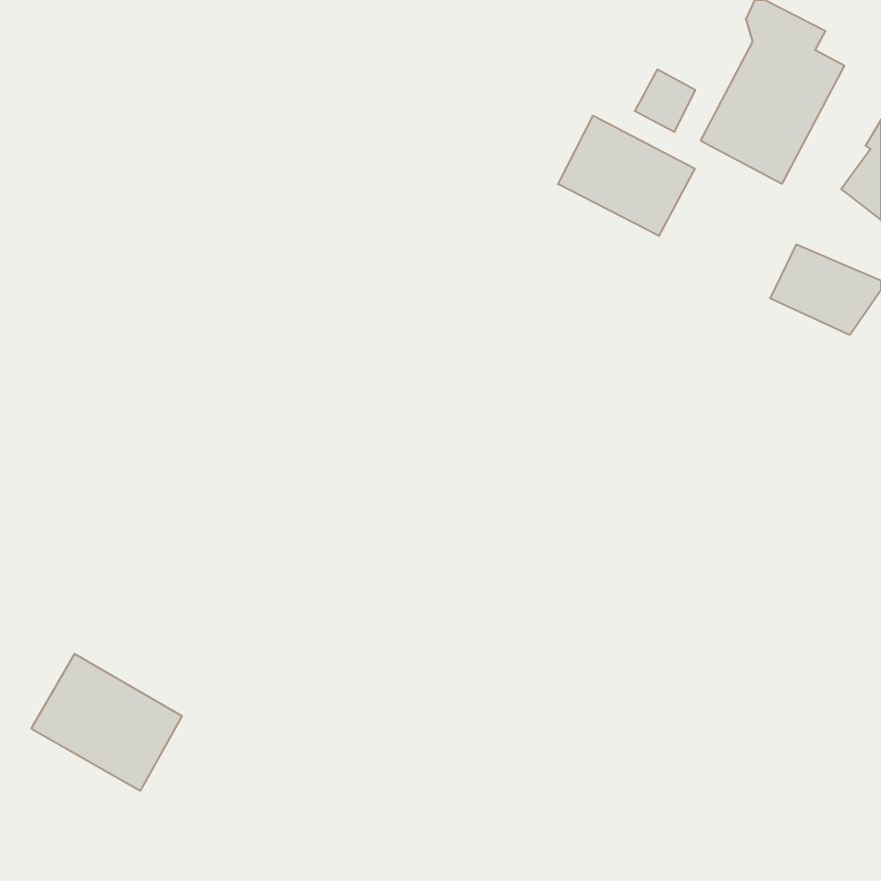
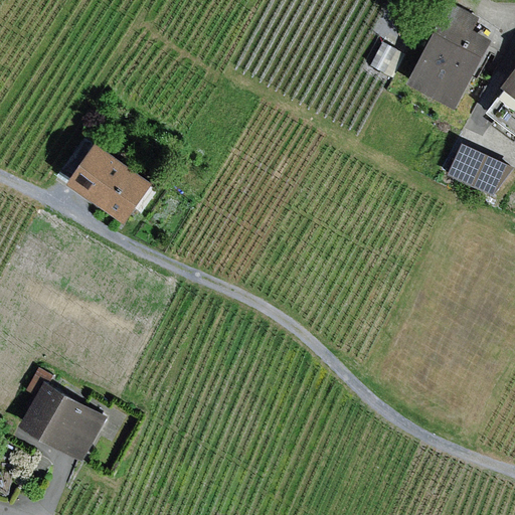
building: [558,116,695,236] -> none
building: none -> [67,144,153,222]

